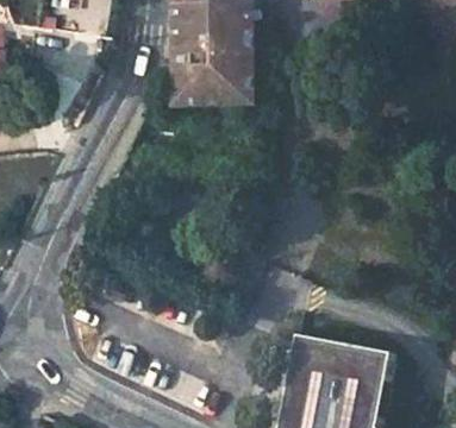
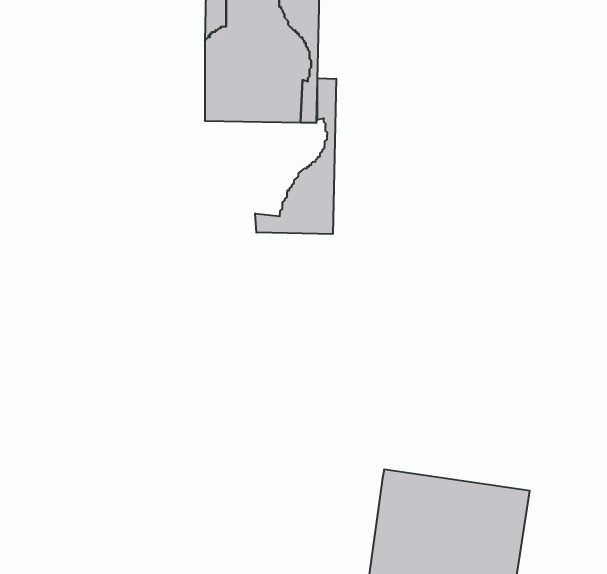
building: none -> [255,78,336,234]

